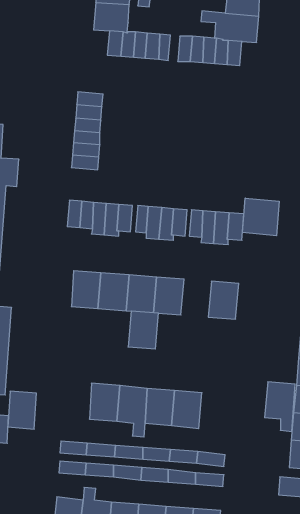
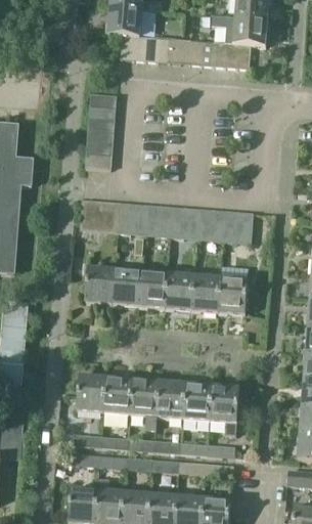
building: [242,198,279,236] -> none
building: [128,311,159,349] -> [191,276,221,313]
building: [265,382,295,431] -> [209,387,238,435]
building: [8,391,36,429] -> [77,376,104,412]

